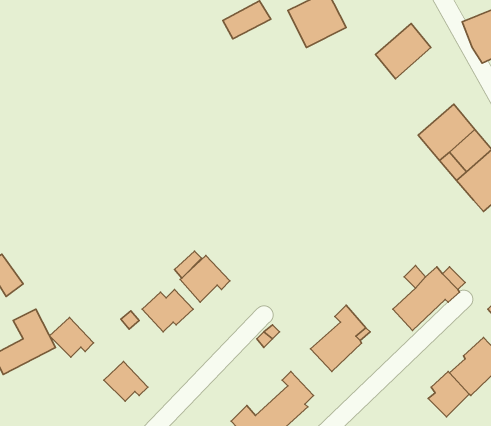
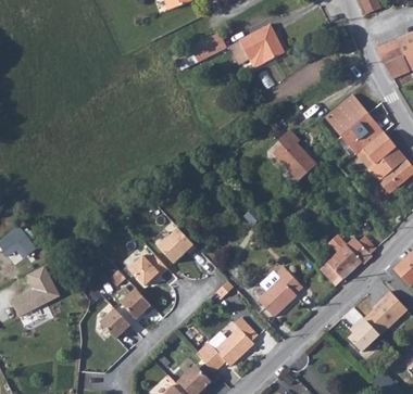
building: [376,24,431,79] -> [324,92,366,135]
building: none -> [271,128,314,180]
building: [50,318,94,357] -> [118,289,152,319]

